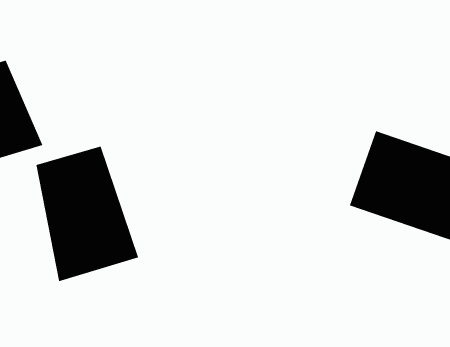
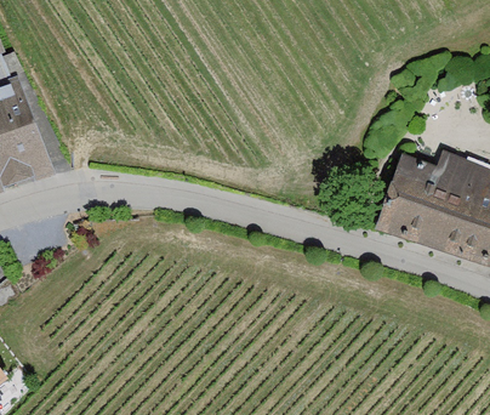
building: [35,145,139,282] -> none

